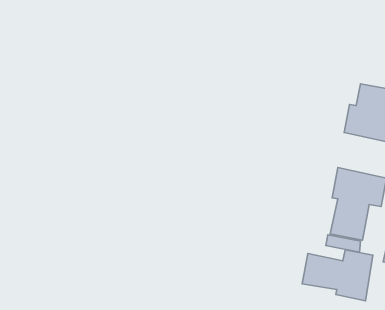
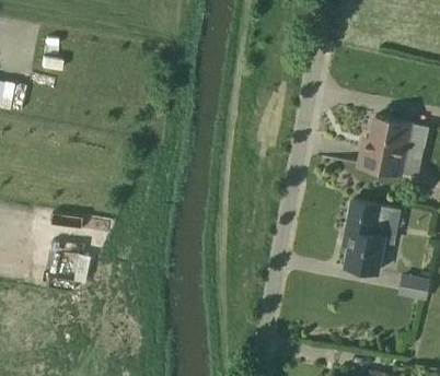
building: [302,250,373,301] -> none

